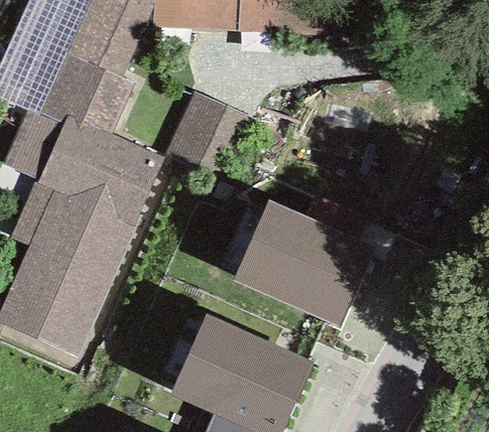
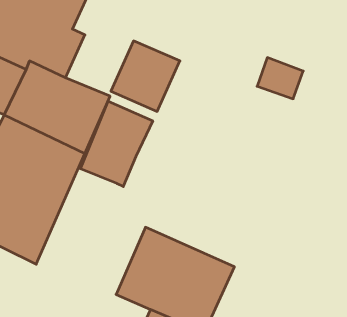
building: none -> [80,101,153,187]
building: [232,201,374,327] -> none

